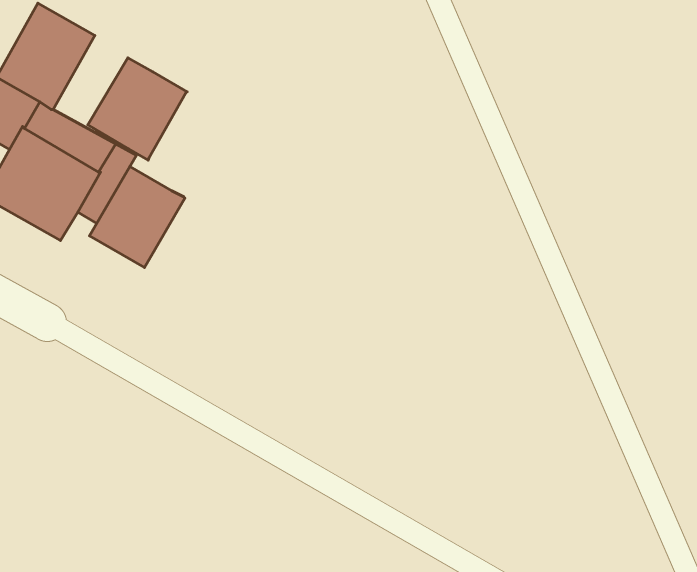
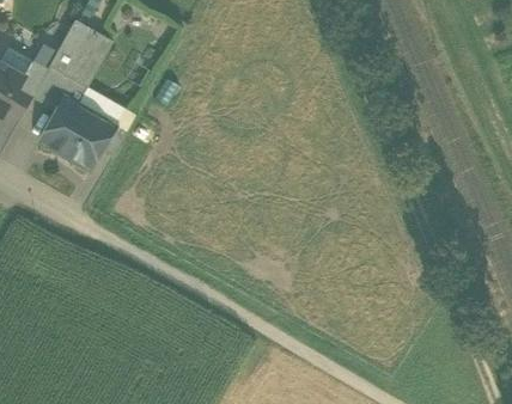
building: [88,58,187,160] -> none
building: [90,166,185,268] -> none

